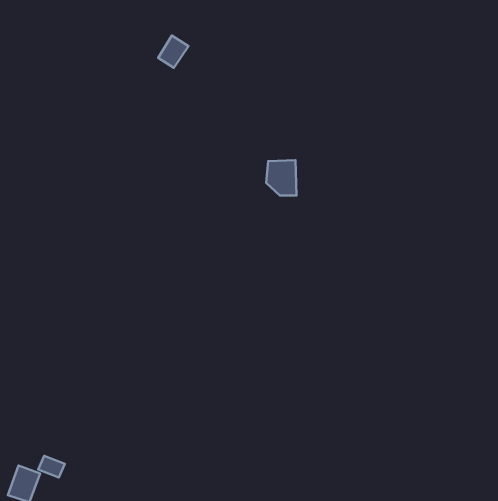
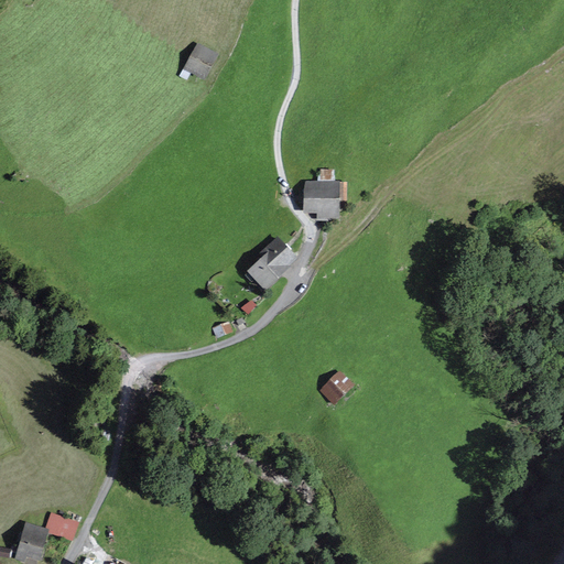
building: none -> [247,240,297,290]
building: none -> [317,370,352,404]

